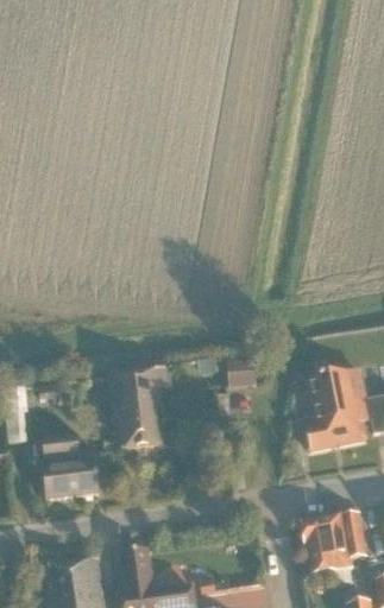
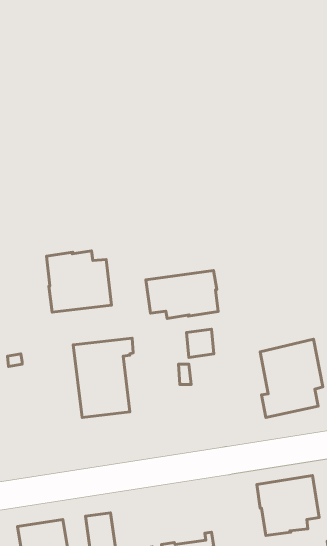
building: none -> [47,251,112,312]
building: none -> [146,271,218,318]
building: [42,433,97,499] -> none

